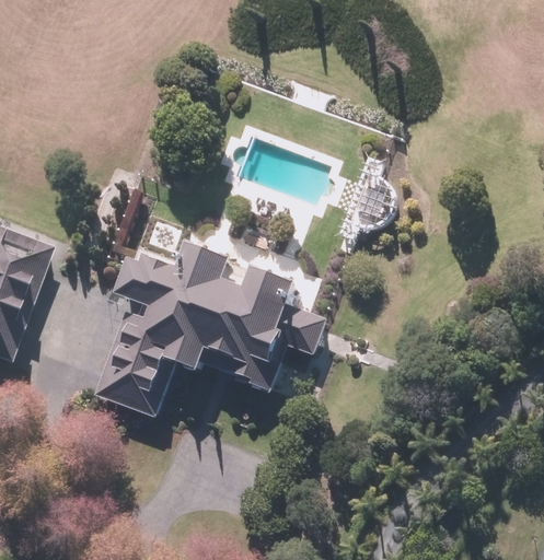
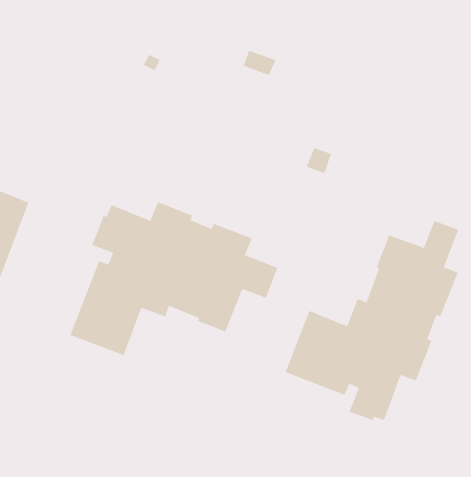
building: none -> [285,220,459,421]

